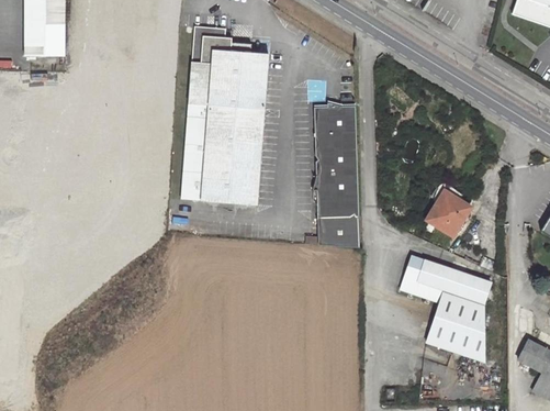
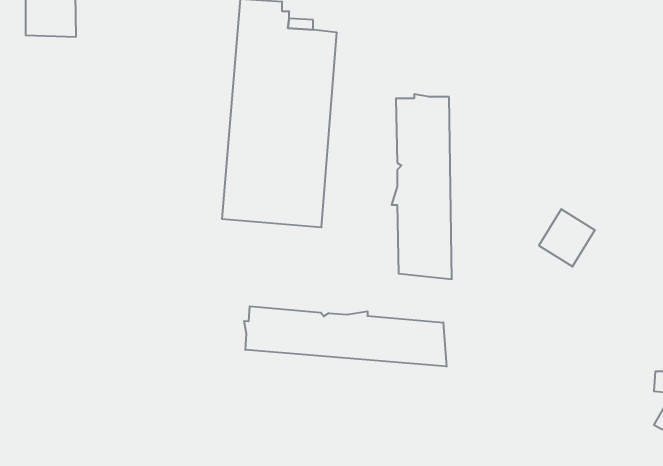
building: [400,255,492,362] -> none
building: none -> [244,306,447,367]

